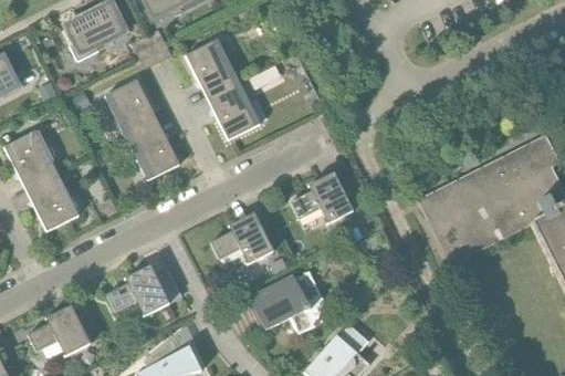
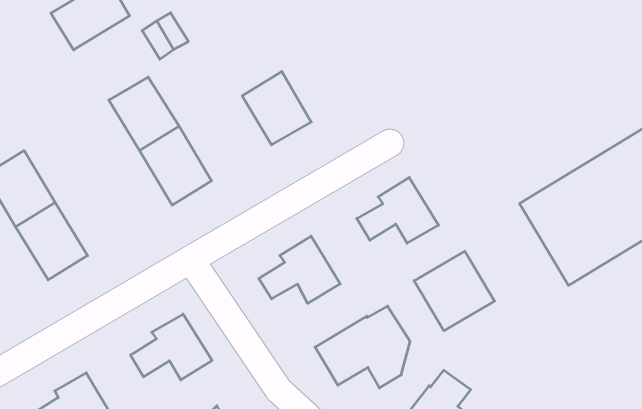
building: [186,38,241,98] -> none
building: none -> [414,251,495,331]

